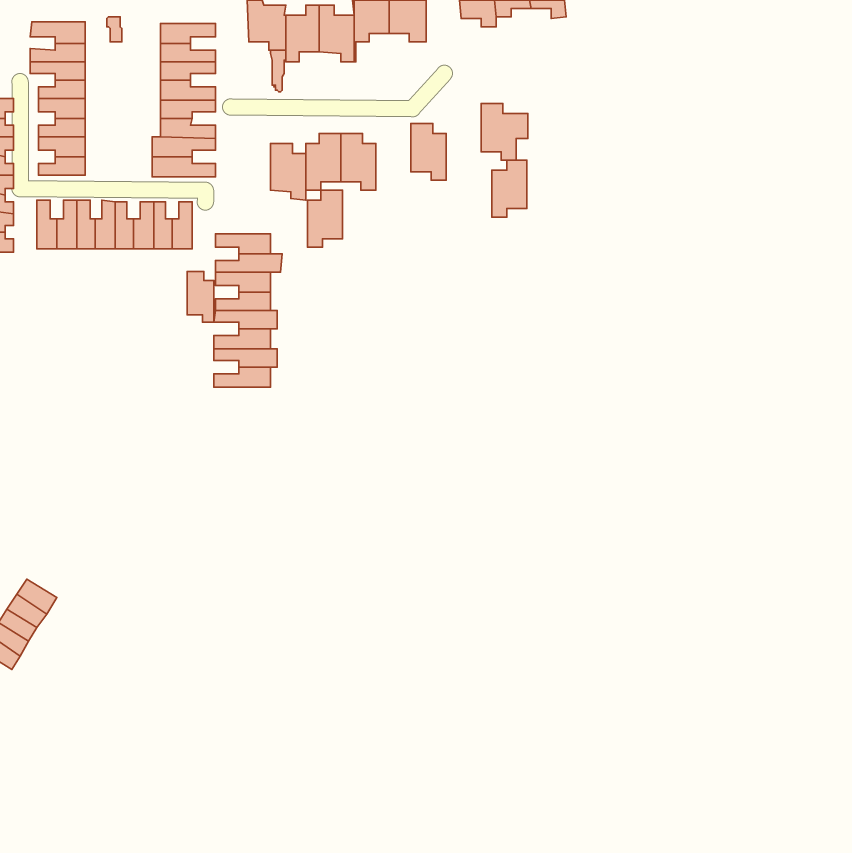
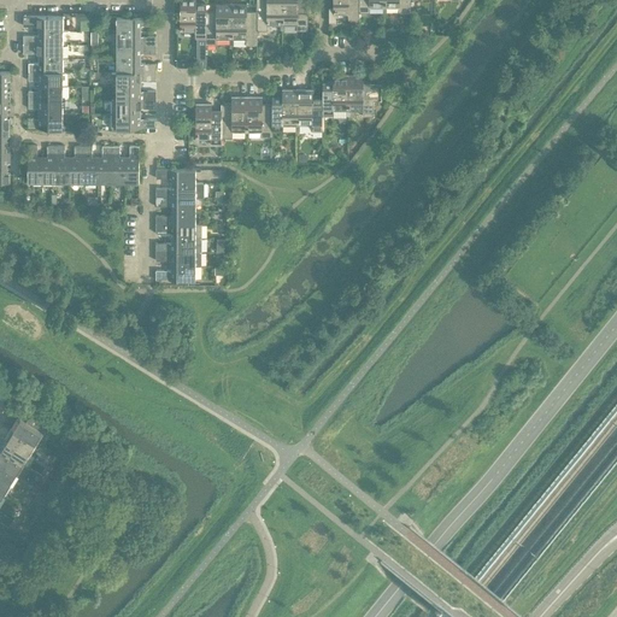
building: [492,160,527,217] -> [322,75,347,116]
building: [307,190,342,247] -> [271,89,296,130]
building: [187,271,214,322] -> none

